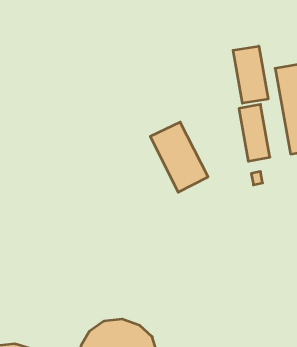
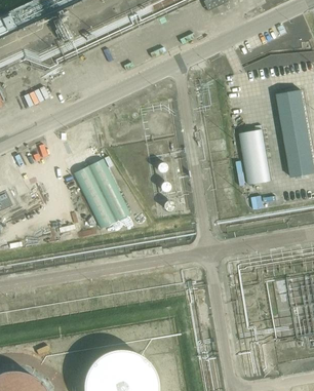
building: [233,46,268,103] -> none
building: [150,122,208,192] -> [73,161,130,231]

